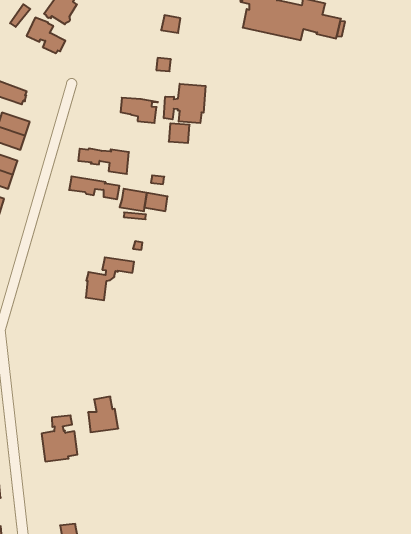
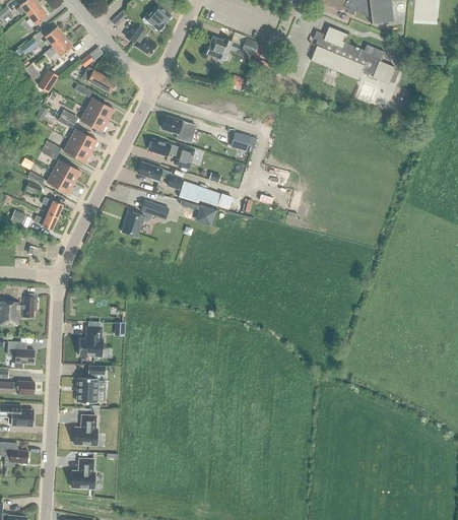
building: none -> [206,36,241,60]
building: [164,84,206,123] -> none
building: [121,98,158,123] -> [162,116,196,142]
building: [86,257,134,300] -> [122,200,169,237]
building: [88,397,118,432] -> [78,327,103,355]
building: none -> [74,414,96,445]

